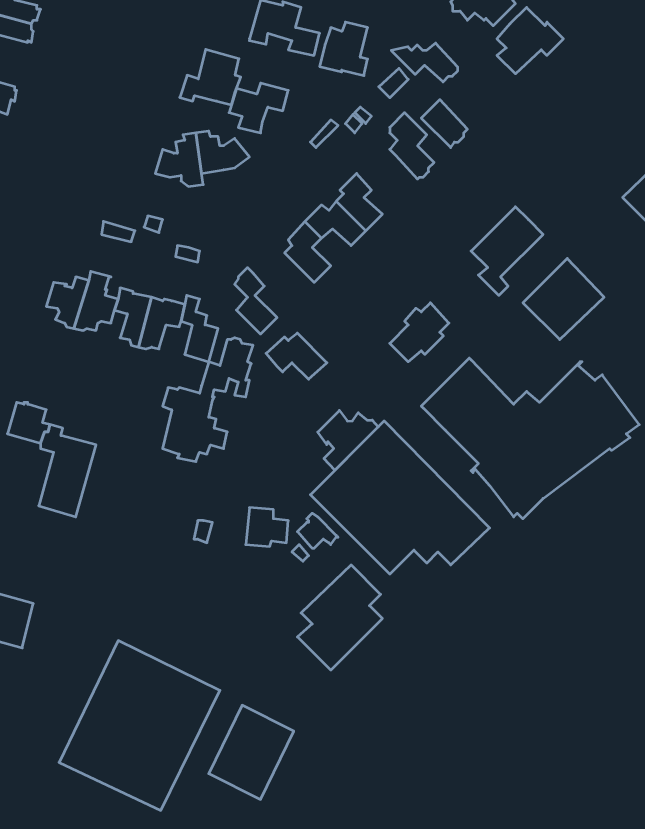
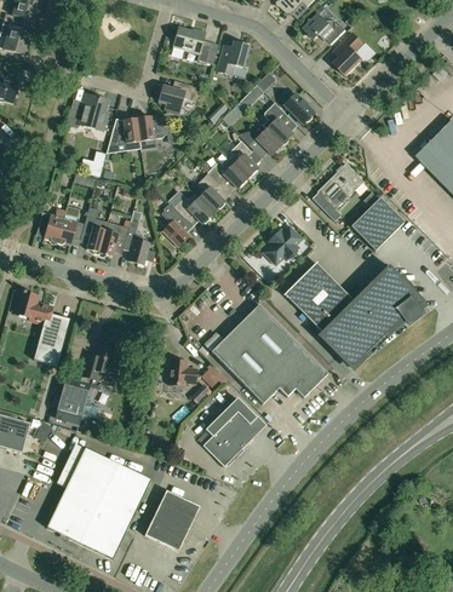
building: [391,43,458,82] -> [237,128,281,154]
building: [180,49,241,105] -> [68,93,108,130]
building: [266,333,327,379] -> [173,192,213,223]
building: [163,338,253,462] -> [56,344,115,425]
building: [318,410,378,470] -> none

